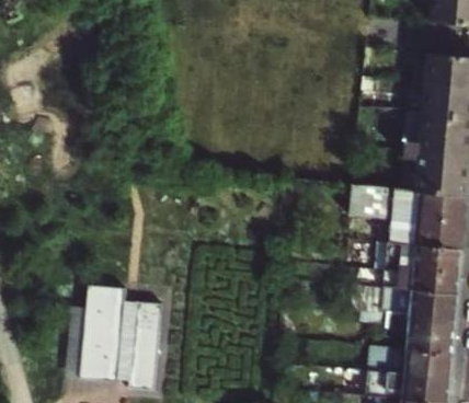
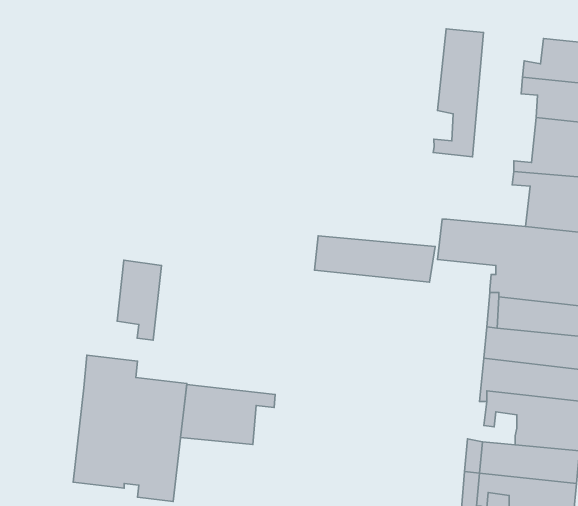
building: none -> [433,29,484,157]
building: none -> [315,236,435,282]
building: none -> [117,260,162,340]
building: none -> [181,384,275,444]

